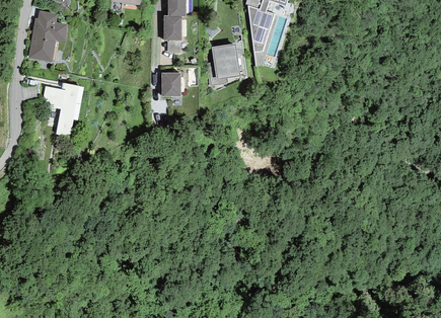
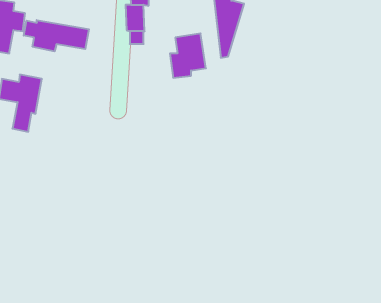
building: none -> [24,20,89,51]
building: [162,72,181,96] -> none

